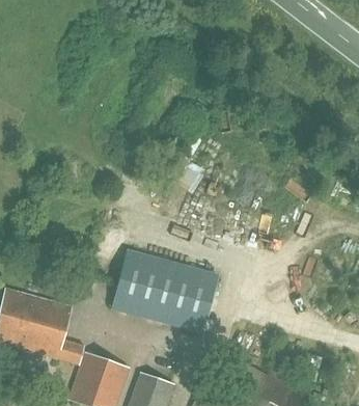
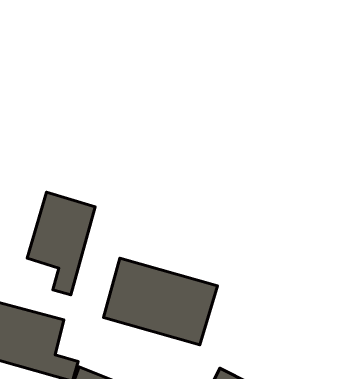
building: none -> [27,192,95,295]

